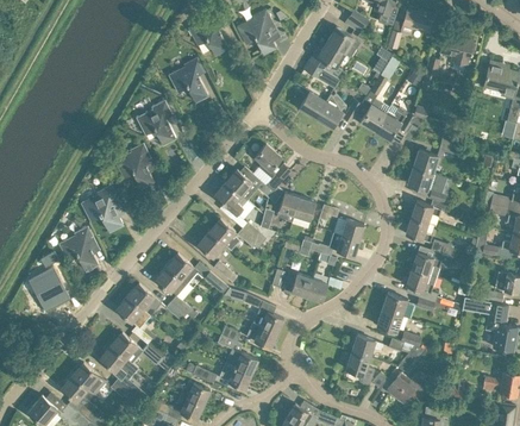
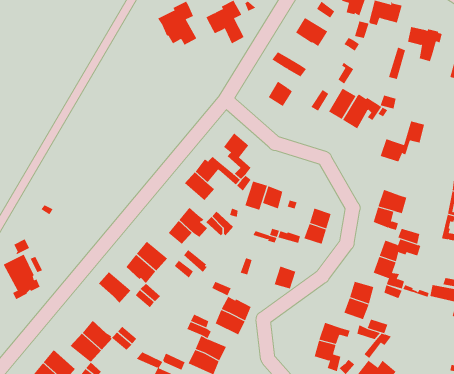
building: [309,43,344,75] -> none
building: [169,58,208,102] -> none
building: [315,94,346,127] -> none
building: [136,101,176,145] -> none
building: [114,144,155,188] -> none
building: [407,168,450,205] -> none
building: [83,187,123,231] -> none
building: [58,226,99,271] -> none
building: [282,271,312,297] -> none
building: [117,296,150,328] -> none

